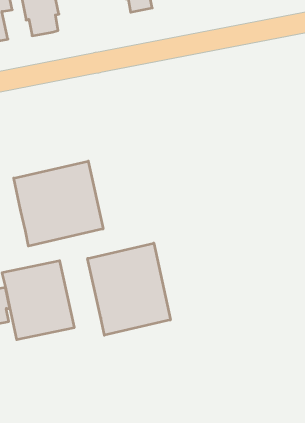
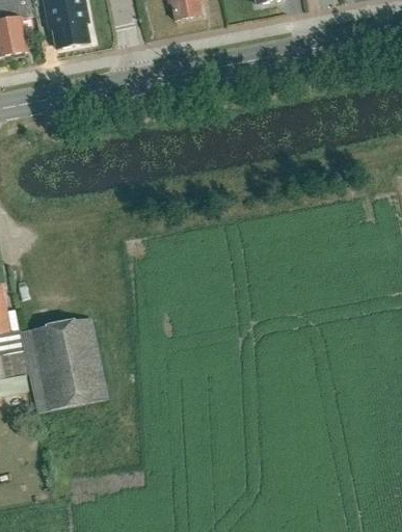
building: [14,161,103,246] -> none
building: [88,243,170,335] -> none

